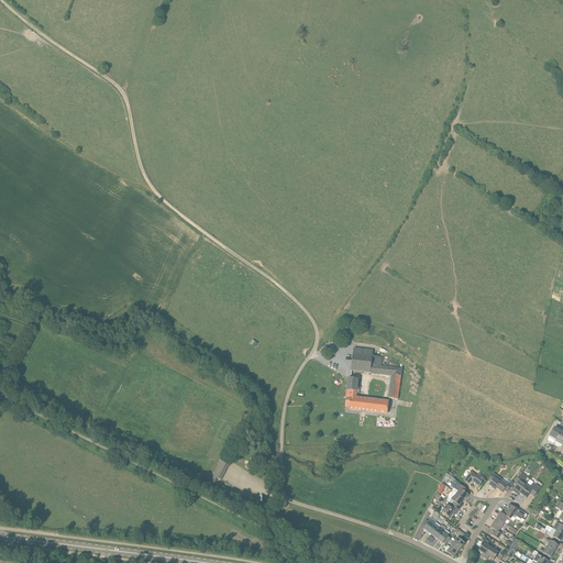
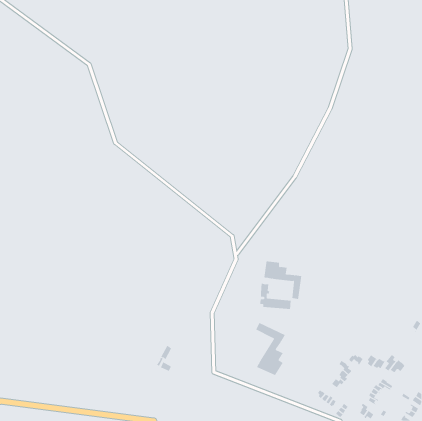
building: none -> [255,322,286,376]

